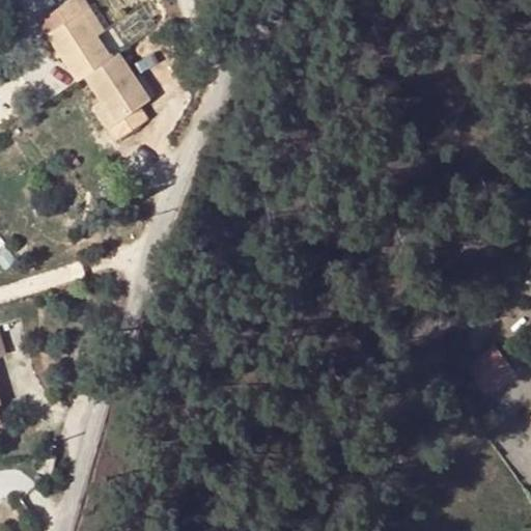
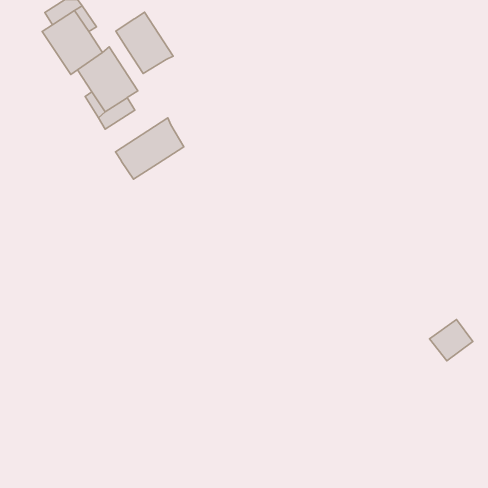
building: none -> [116,12,173,73]
building: none -> [115,118,184,179]

